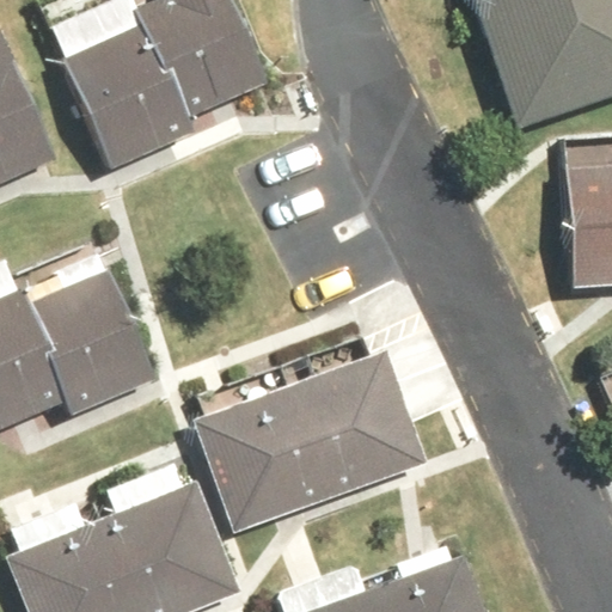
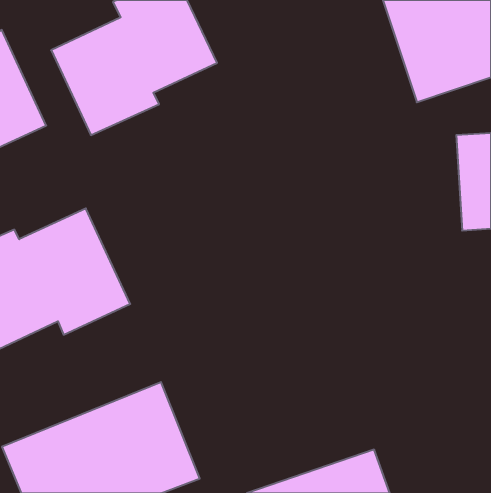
building: [188,347,430,538] -> none

